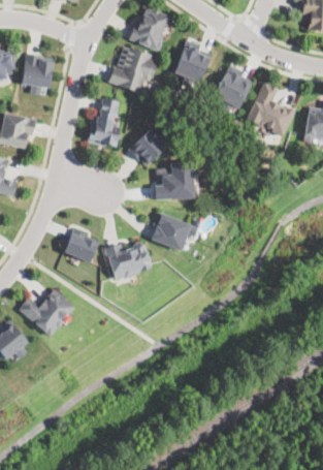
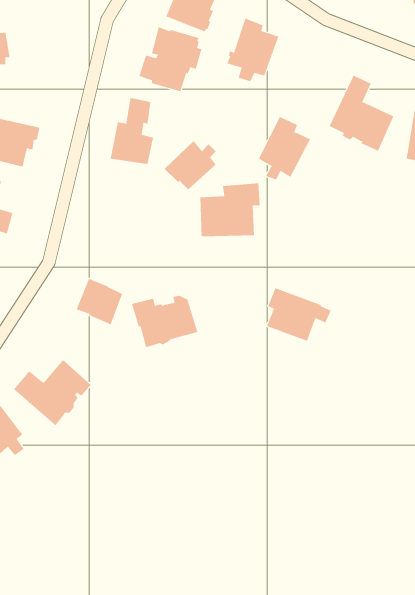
building: [21,54,52,94] -> none
building: [214,65,252,112] -> [258,116,311,180]
building: [150,212,197,251] -> [266,288,332,342]

